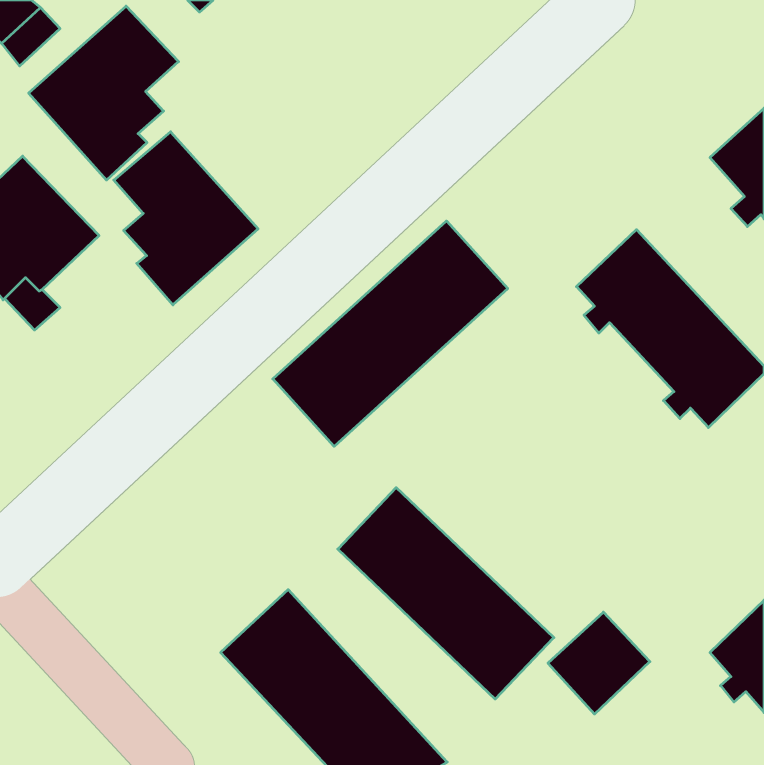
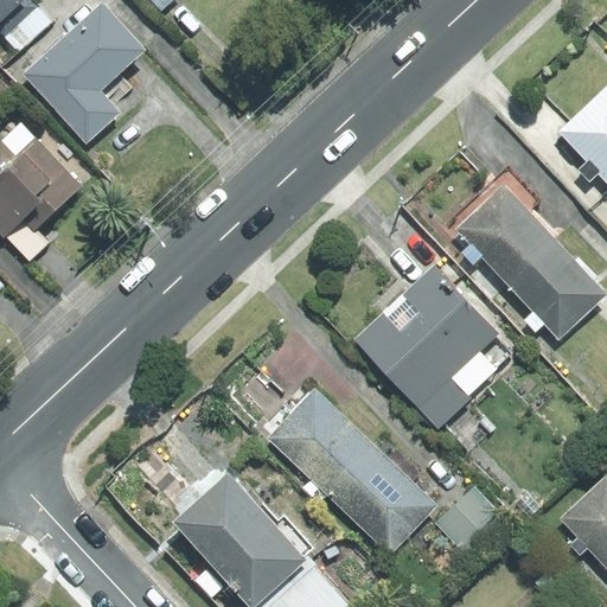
building: [114,132,258,305] -> none
building: [273,221,508,446] -> none
building: none -> [353,264,501,429]

